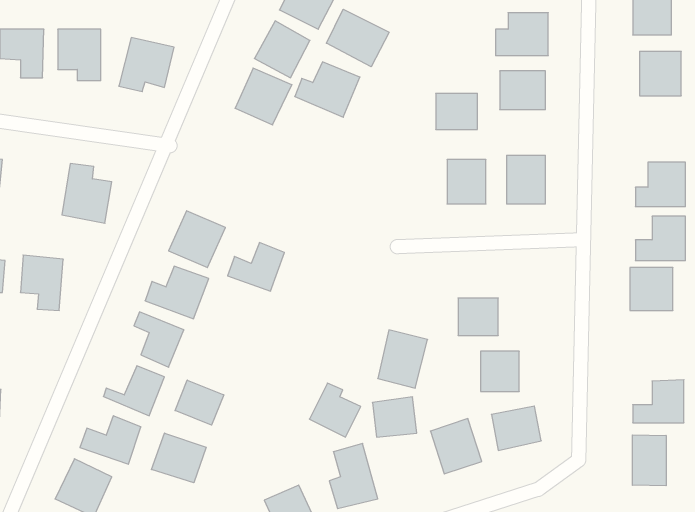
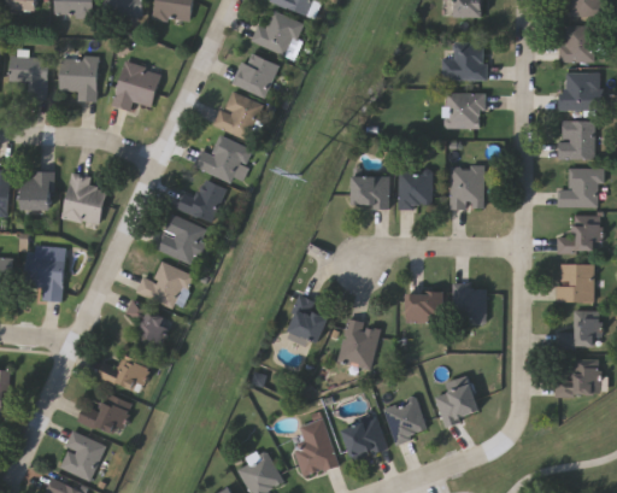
building: [326,9,389,67] -> none
building: [295,62,360,117] -> [194,135,251,183]
building: [436,93,477,129] -> [352,174,388,205]
building: none -> [559,118,593,158]
building: none -> [22,172,53,209]
building: [228,243,284,291] -> [175,178,224,221]
building: none -> [562,313,604,351]
building: [481,351,519,391] -> [452,284,486,319]
building: [175,380,224,425] -> none
building: [309,383,361,437] -> [286,295,330,342]
building: [372,397,417,437] -> [345,417,383,452]
building: [151,433,206,483] -> none
building: [632,435,666,486] -> none

